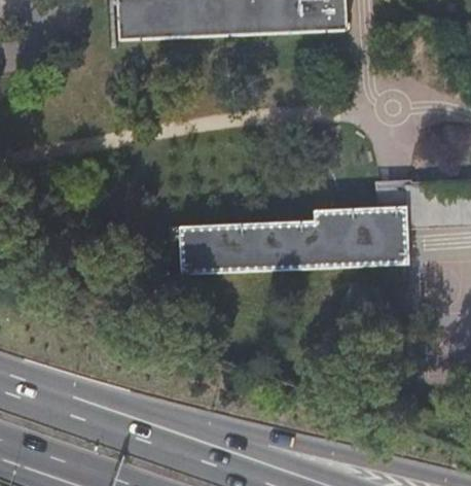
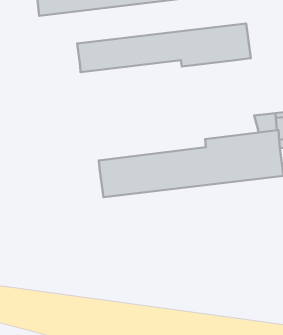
building: none -> [77,24,251,72]

